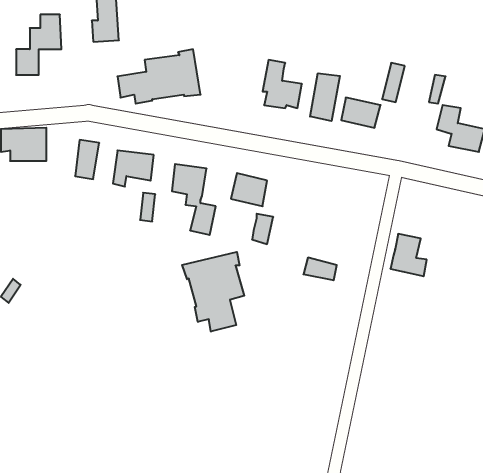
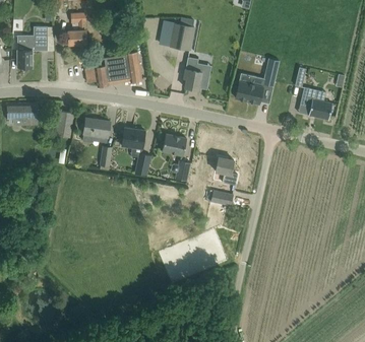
building: none -> [170,22,194,51]
building: [310,73,340,121] -> none
building: [390,234,427,276] -> [214,156,238,185]
building: [182,252,244,332] -> none

